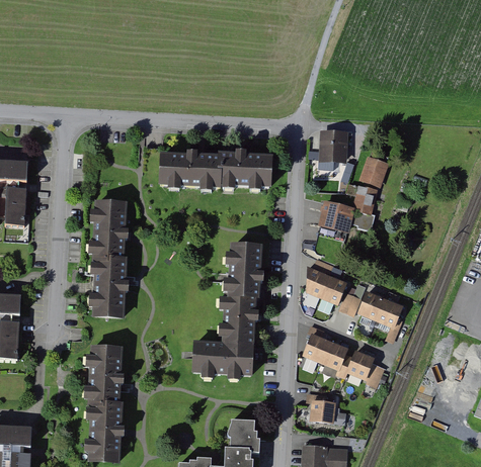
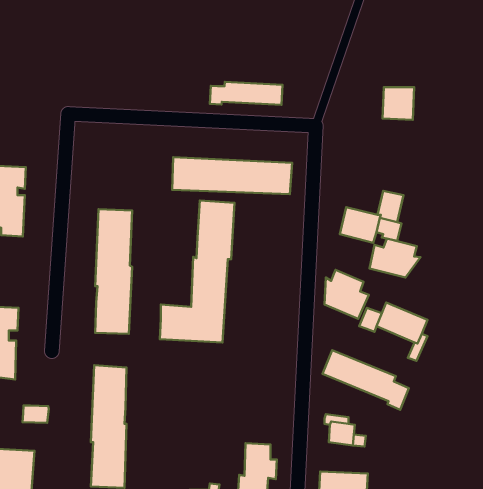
building: none -> [210,82,283,105]
building: [321,132,350,163] -> [383,87,414,120]
building: [362,157,390,188] -> none
building: none -> [369,238,420,278]
building: [192,244,262,376] -> [160,201,234,343]
building: none -> [22,405,49,423]

